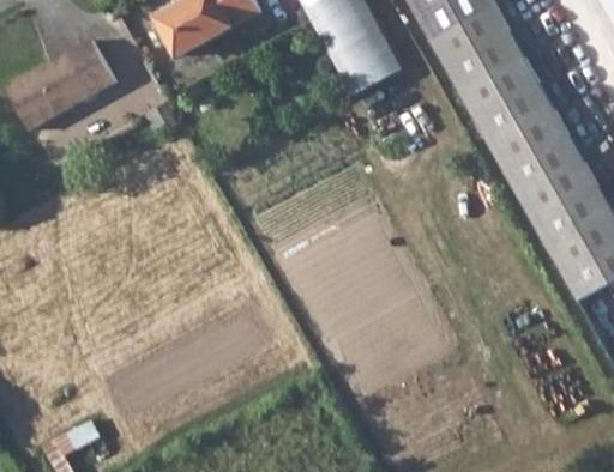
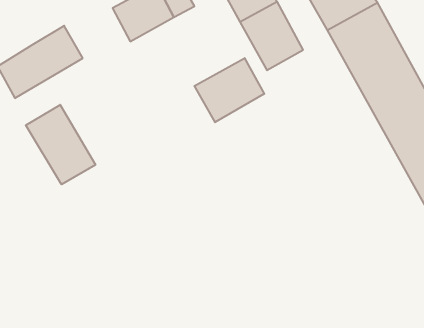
building: none -> [194,58,264,122]
building: none -> [26,105,95,184]

